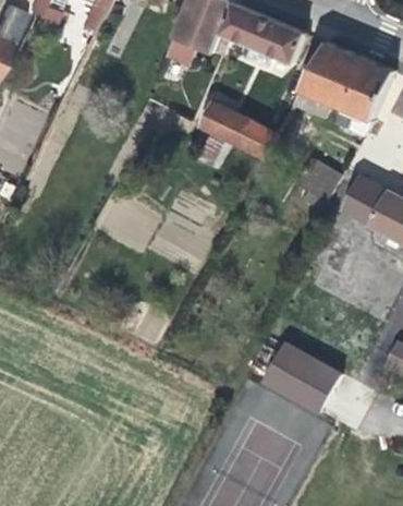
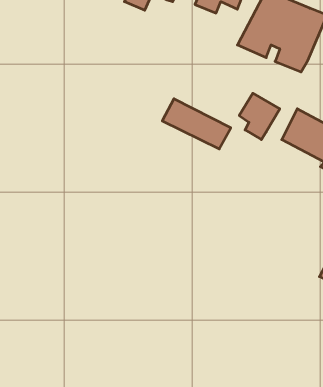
building: [197,99,274,156] -> [162,99,231,149]
building: [262,344,339,410] -> none

